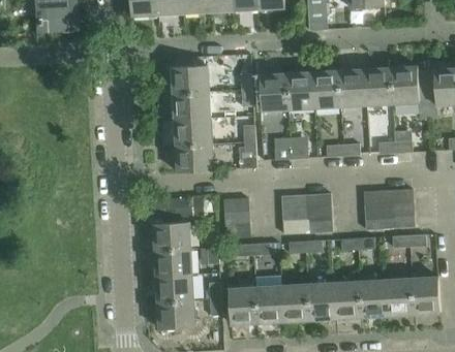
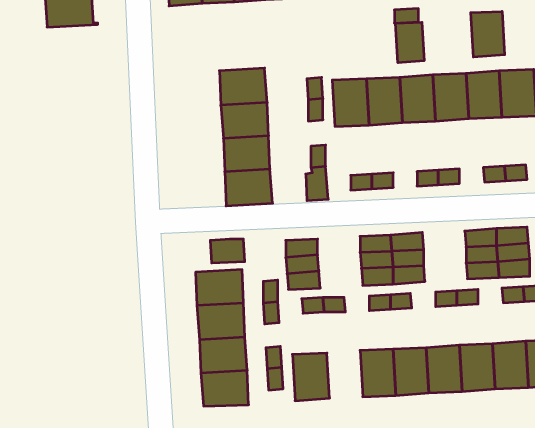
building: none -> [471,11,505,57]
building: none -> [396,22,424,63]
building: [255,285,283,322] -> none

